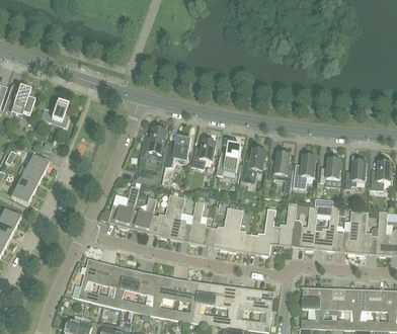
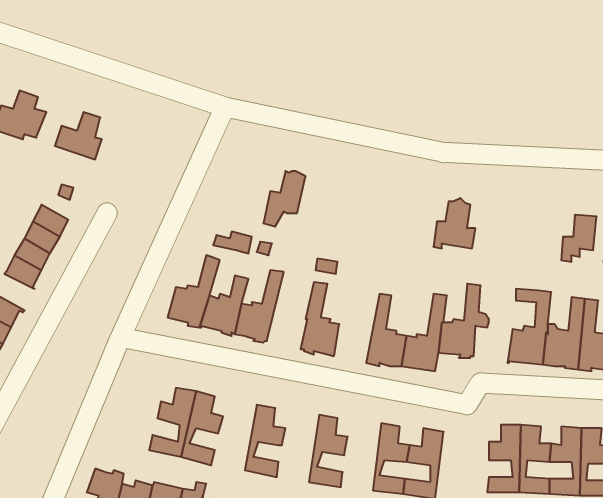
building: [141,127,166,161] -> none
building: [190,139,216,168] -> none
building: [216,145,239,174] -> none
building: [241,147,265,181] -> none
building: [292,155,315,187] -> none
building: [319,155,340,181] -> none
building: [167,194,191,241] -> none
building: [292,205,317,249] -> none
building: [208,206,235,249] -> none
building: [77,257,103,302] -> none
building: [134,272,161,314] -> none
building: [173,279,198,321] -> none
building: [212,284,236,326] -> none

